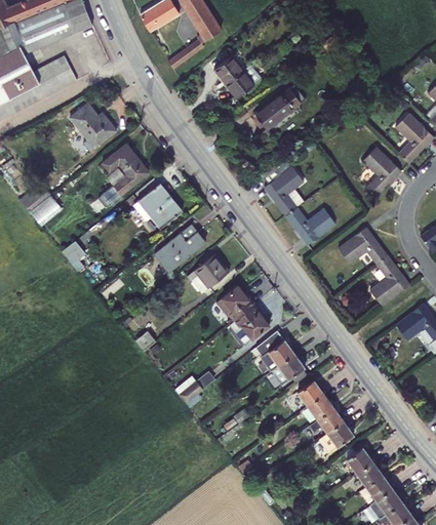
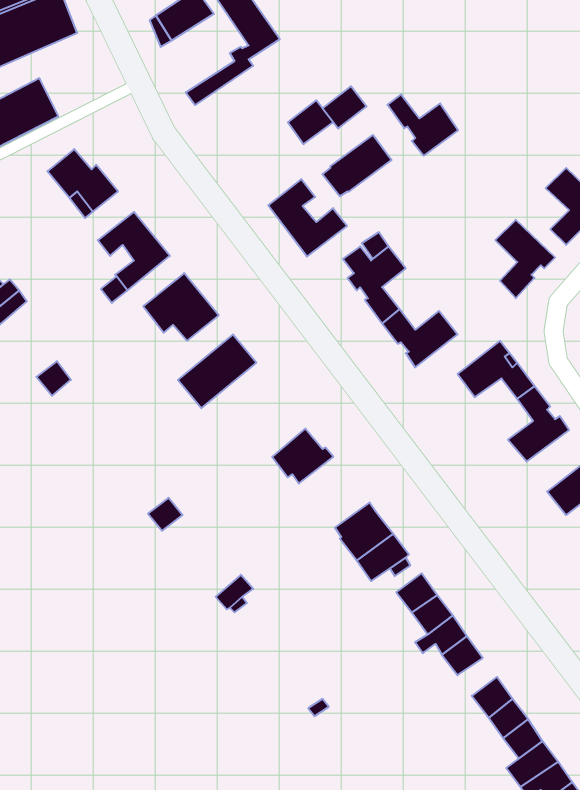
building: [215,56,244,84] -> [323,86,367,129]
building: none -> [387,94,458,156]
building: none -> [268,179,347,257]
building: [192,252,229,291] -> none
building: [233,302,269,337] -> none

